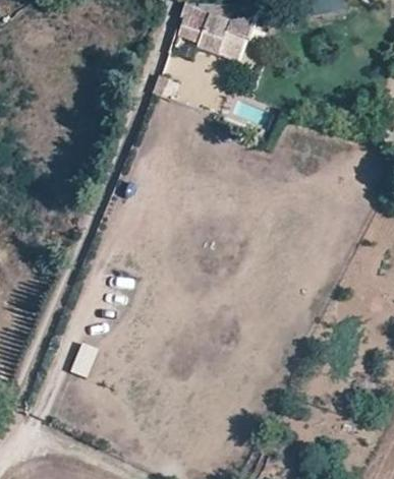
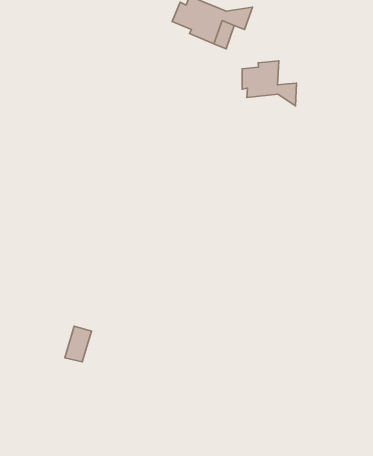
building: none -> [242,61,296,106]

